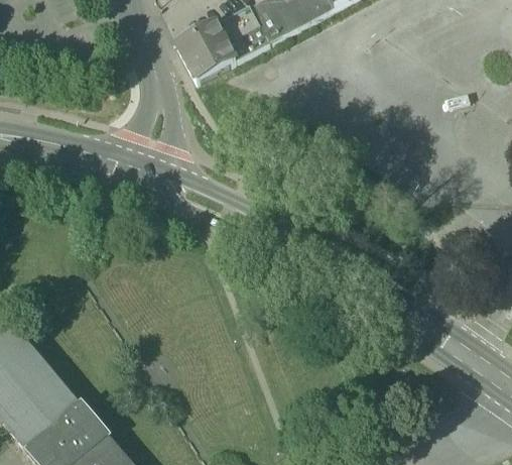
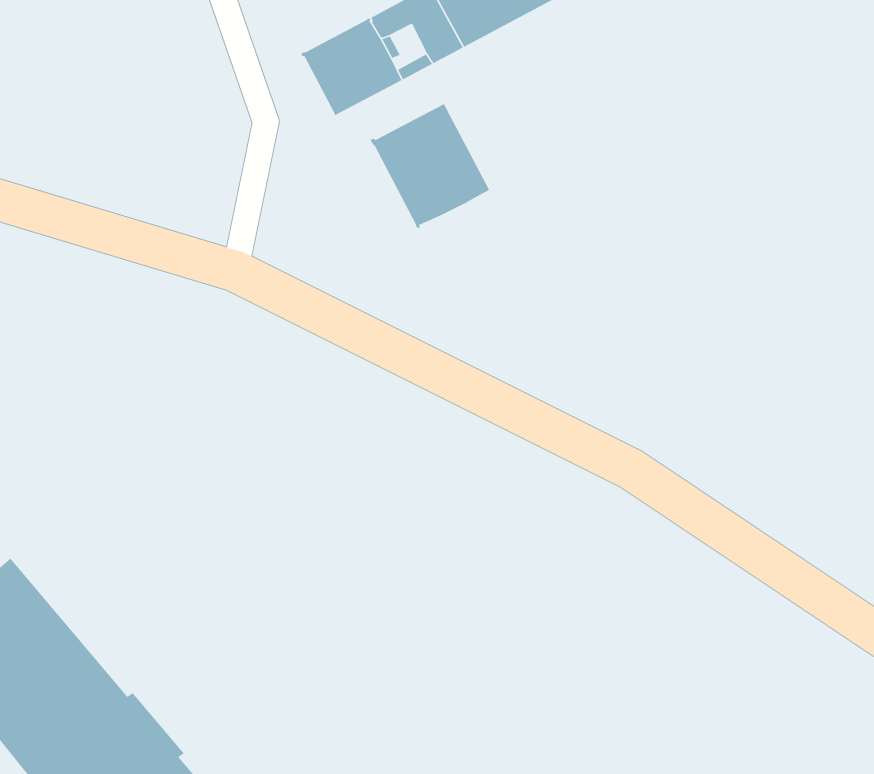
building: none -> [370,102,490,229]

